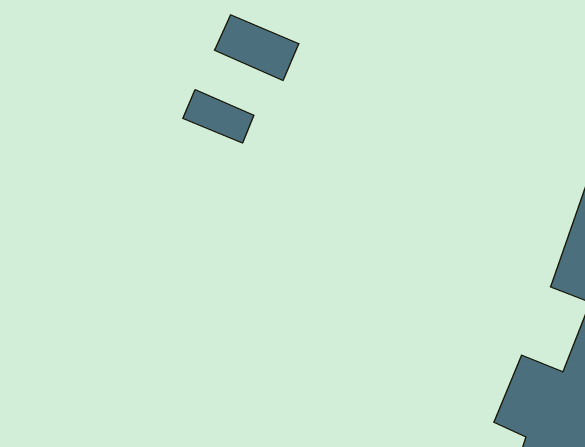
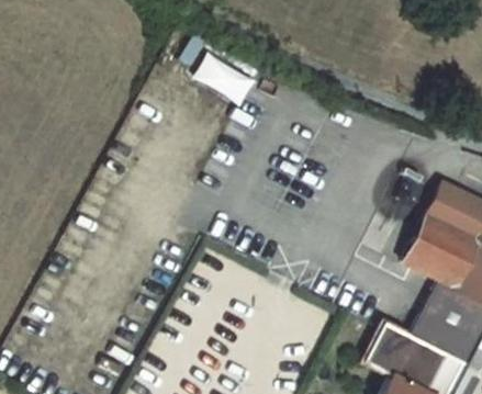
building: [183,90,254,143] -> none

